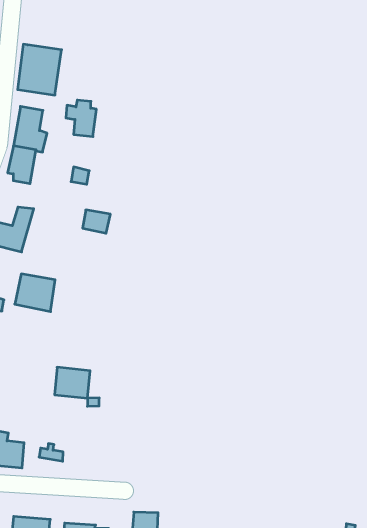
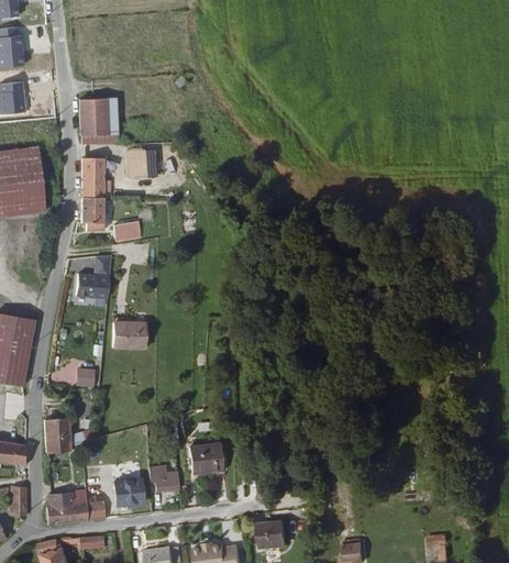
building: [83,210,110,233] -> [115,221,140,240]
building: [55,367,90,398] -> [190,443,224,472]

